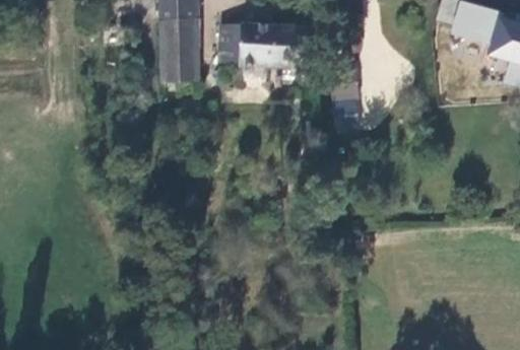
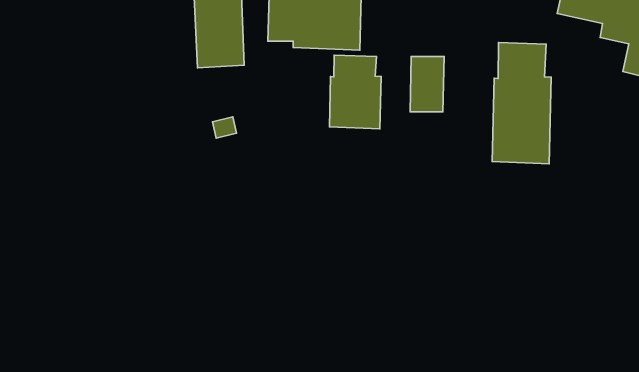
building: none -> [492,42,551,164]
building: none -> [329,55,381,129]

